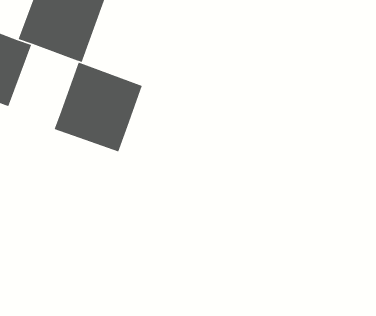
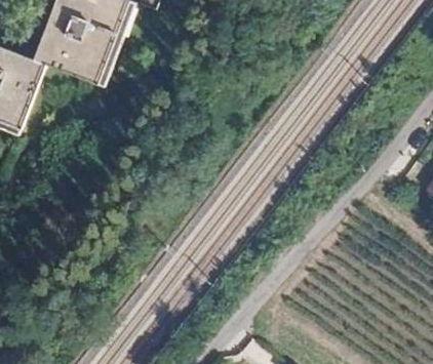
building: [53,62,143,152] -> none

